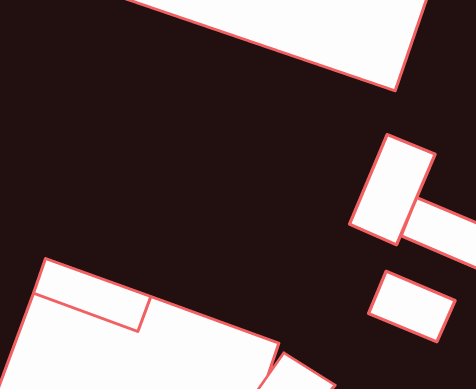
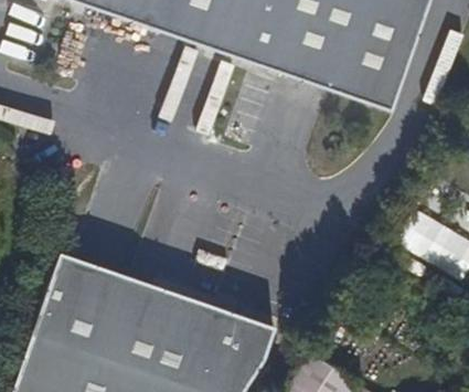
building: [350,134,435,245] -> none
building: [369,271,455,342] -> none

